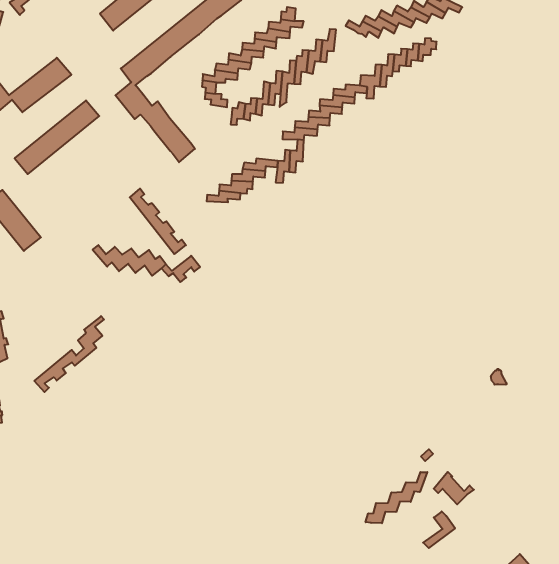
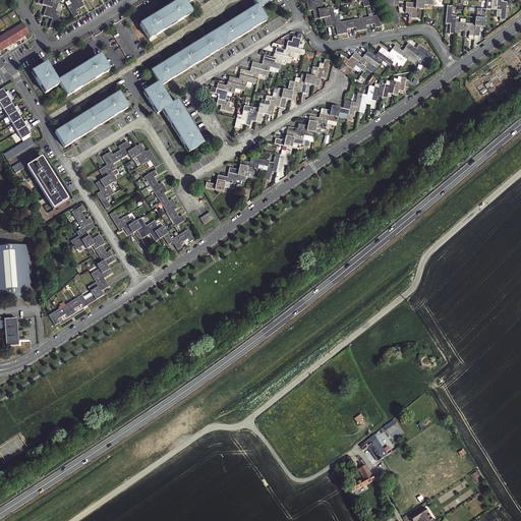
building: none -> [96,139,159,207]
building: none -> [69,204,114,277]
building: [366,472,427,523] -> none

